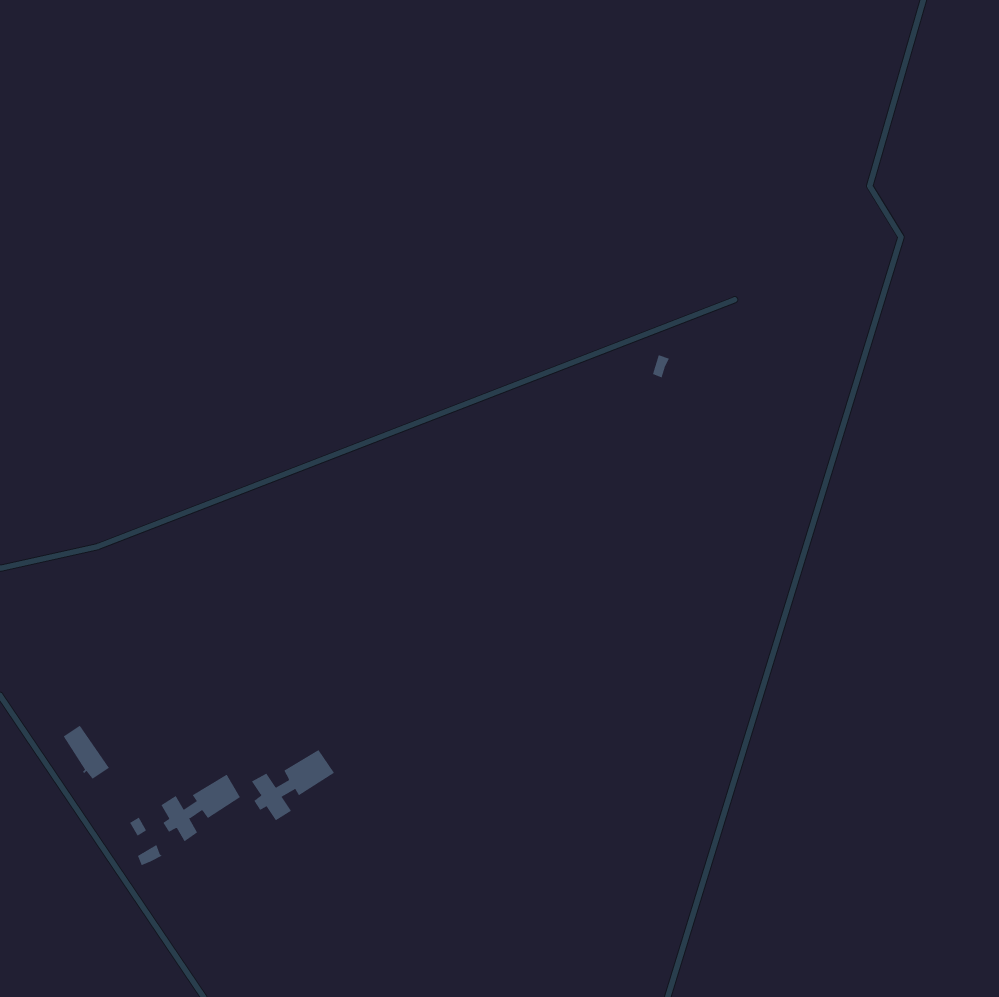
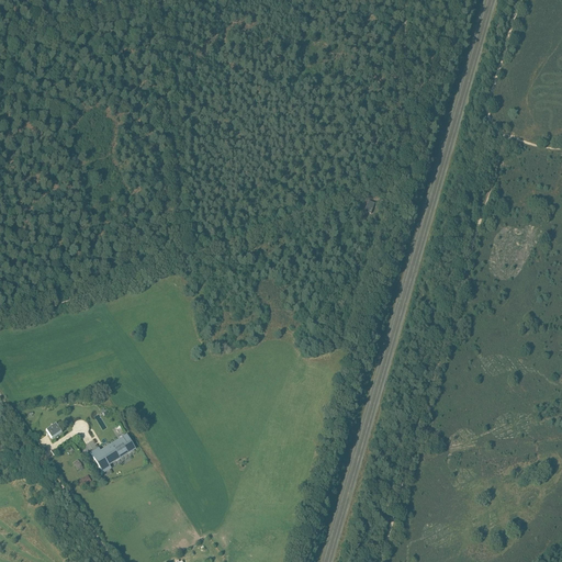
building: [251,749,335,821] -> none

